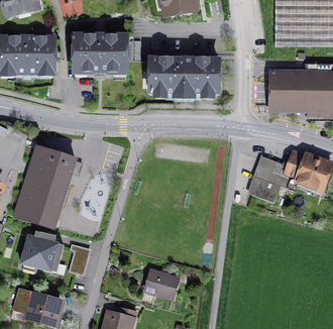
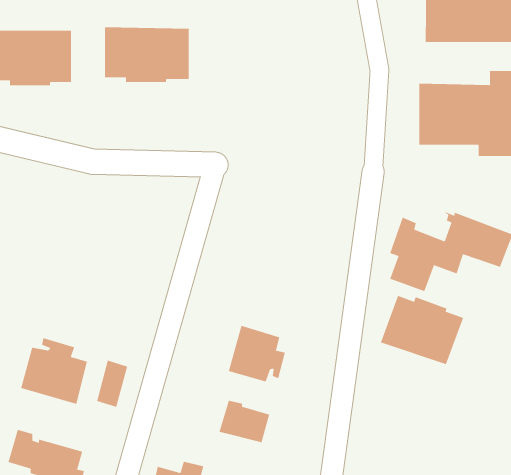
building: [149,60,218,94] -> none
building: [15,146,76,228] -> none
building: none -> [380,295,464,365]
building: none -> [228,325,286,383]

